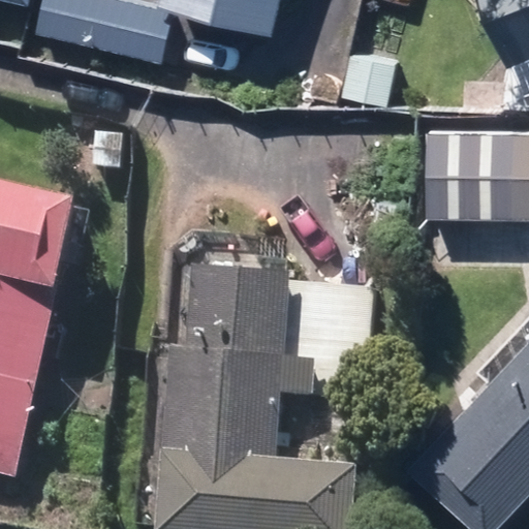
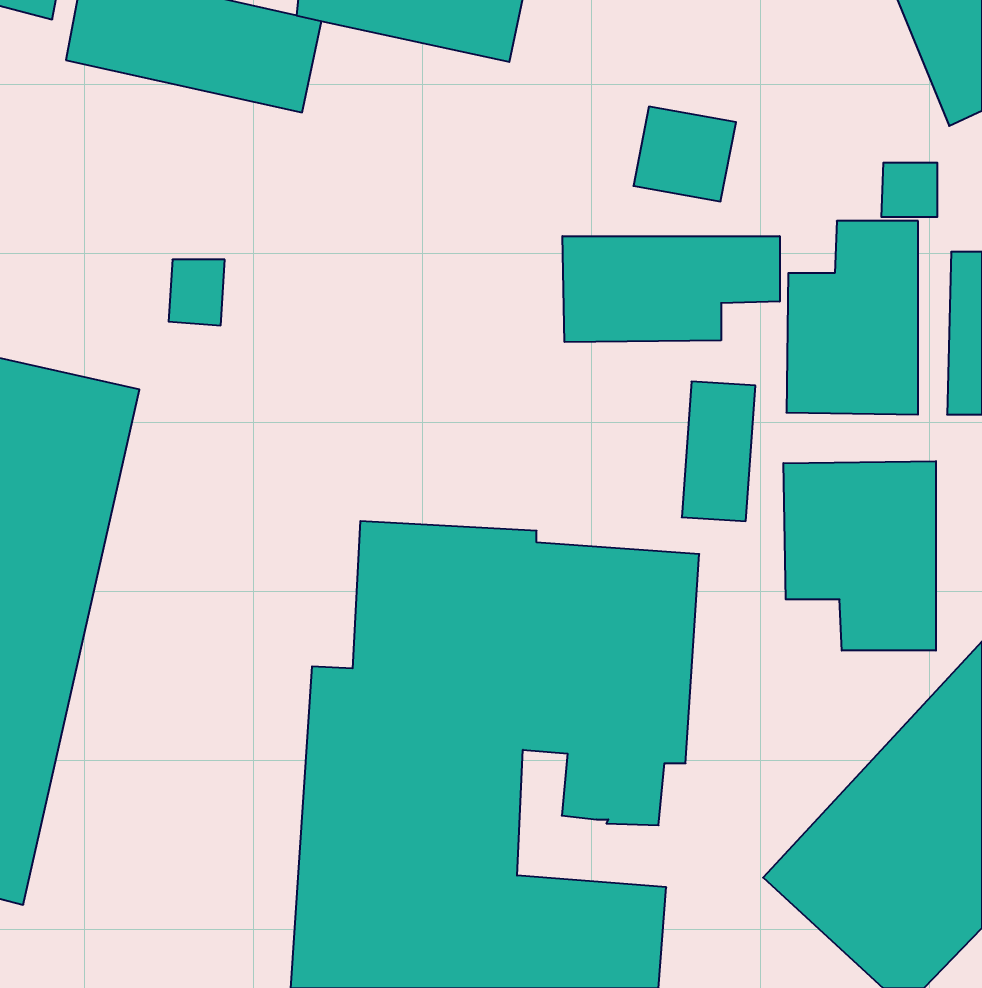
building: none -> [562,236,780,342]
building: none -> [783,461,936,651]

